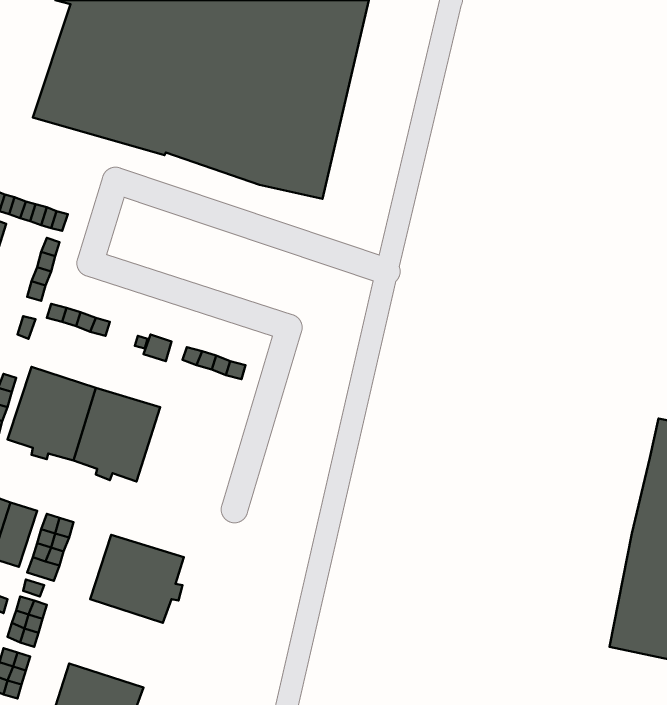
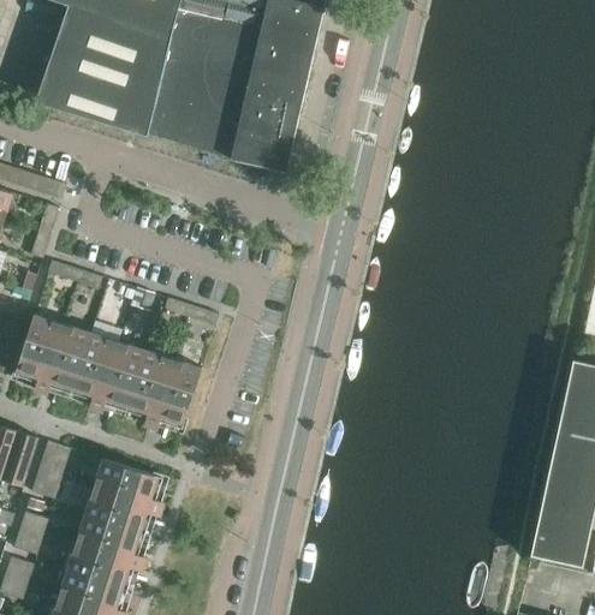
building: none -> [124,350,201,431]
building: none -> [66,514,147,590]

